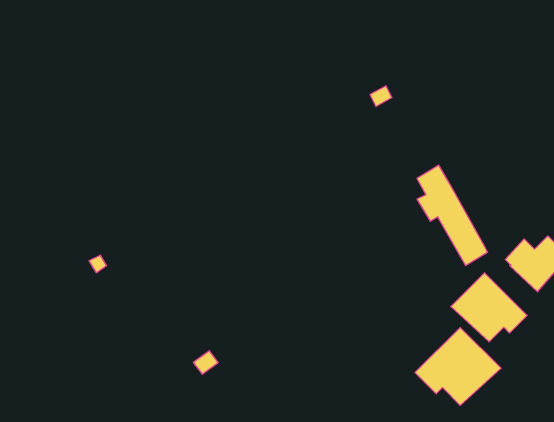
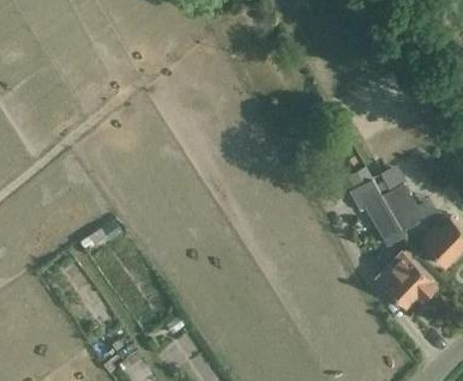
building: none -> [375,174,426,231]
building: [415,327,501,405] -> none

